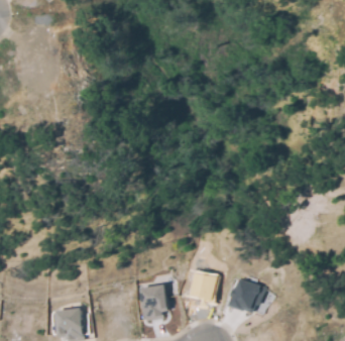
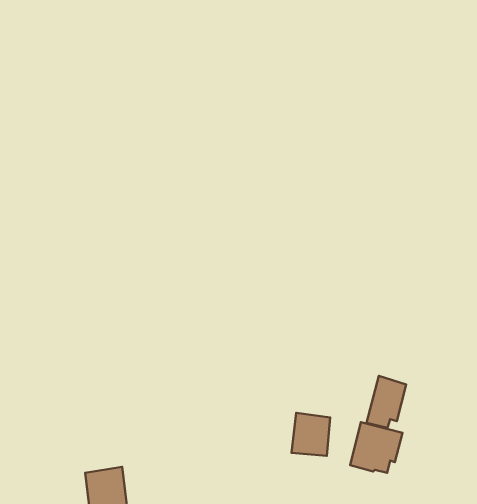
building: none -> [367,376,406,428]
building: [141,283,169,319] -> none

